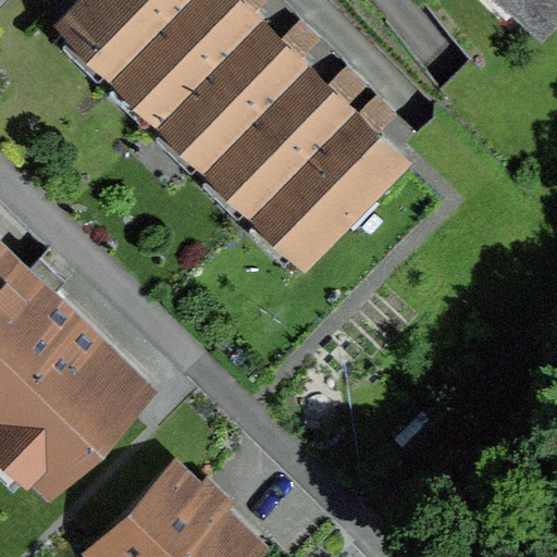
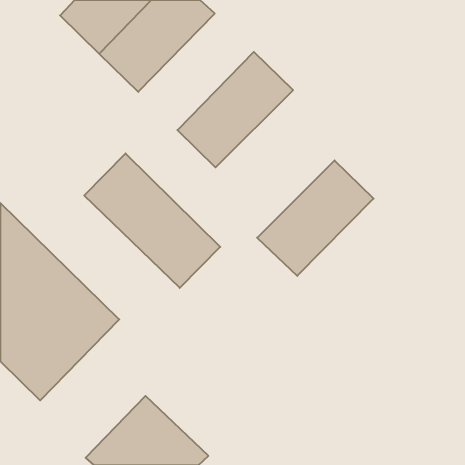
building: [165,16,304,156] -> none
building: [258,108,397,246] -> [257,160,374,276]
building: none -> [84,153,220,288]

